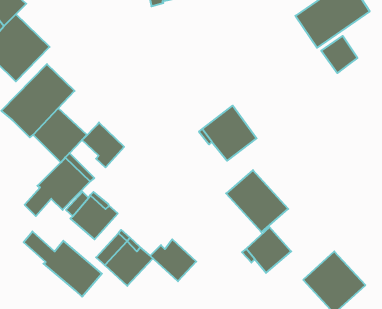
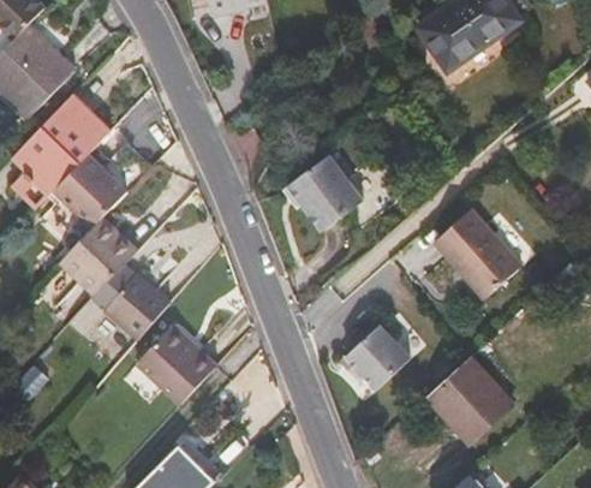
building: [321,36,357,73] -> none
building: [82,122,124,167] -> none
building: [226,170,288,232] -> [438,206,525,292]
building: [24,231,102,297] -> none
building: [150,239,196,281] -> none

